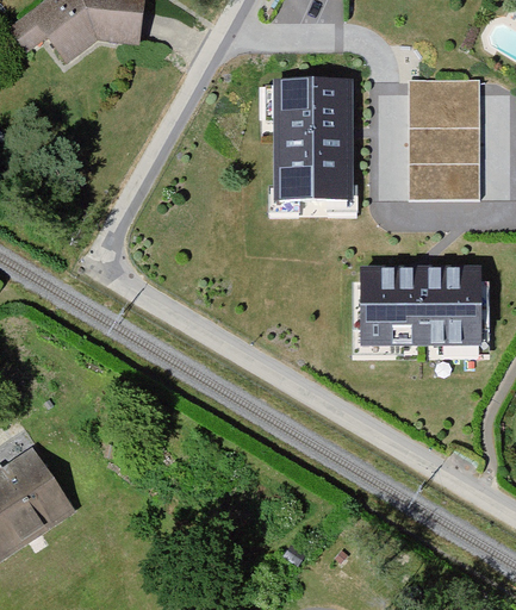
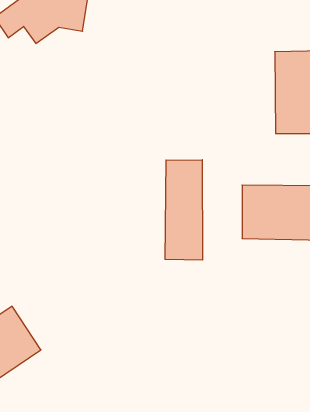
building: [276,69,354,204] -> none
building: none -> [165,160,203,260]

